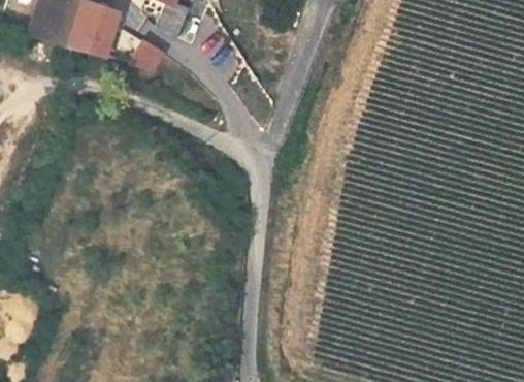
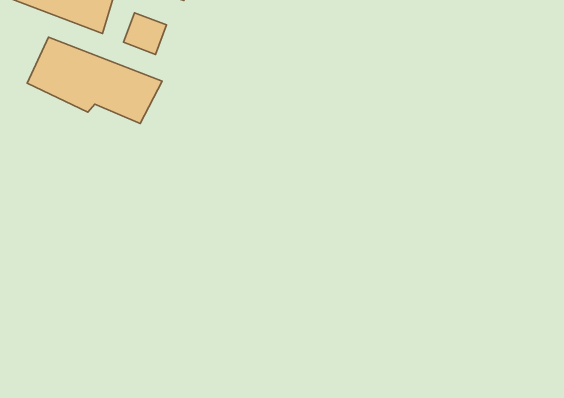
building: none -> [27,37,162,123]

